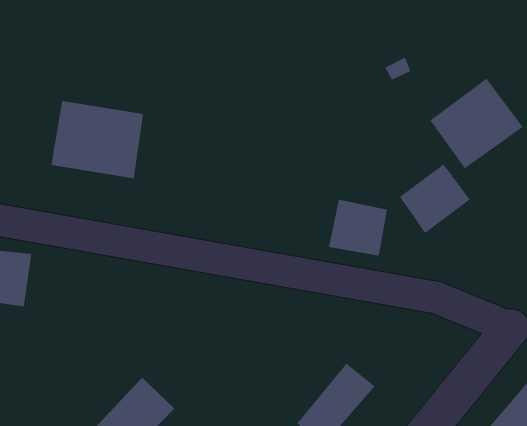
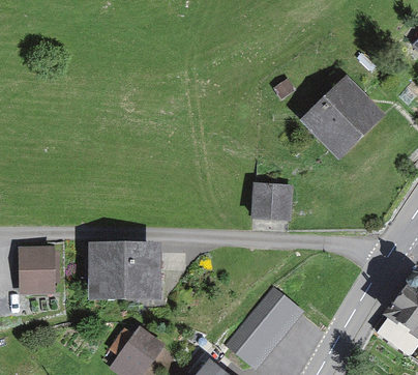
building: [51,100,144,179] -> [94,250,153,296]
building: [399,163,471,234] -> none

